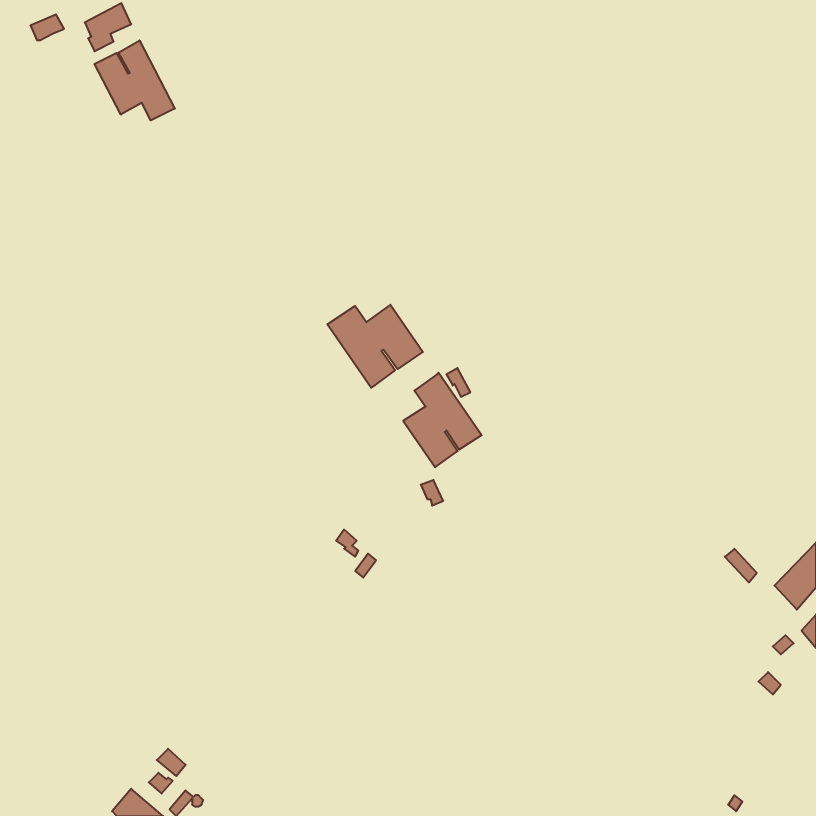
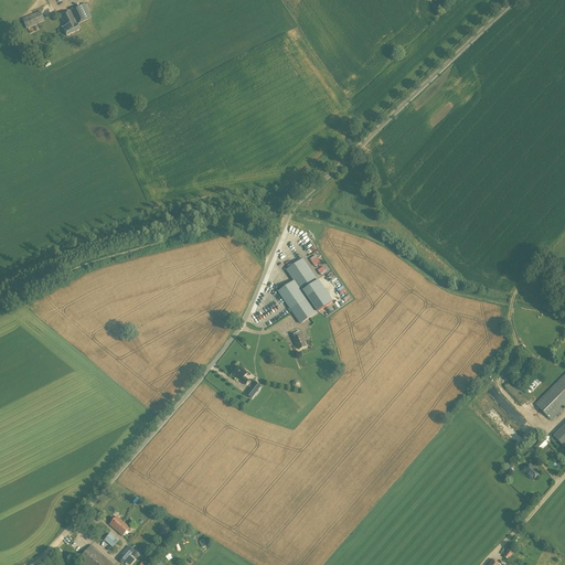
building: [94,40,175,120] -> none
building: [327,305,423,388] -> none

